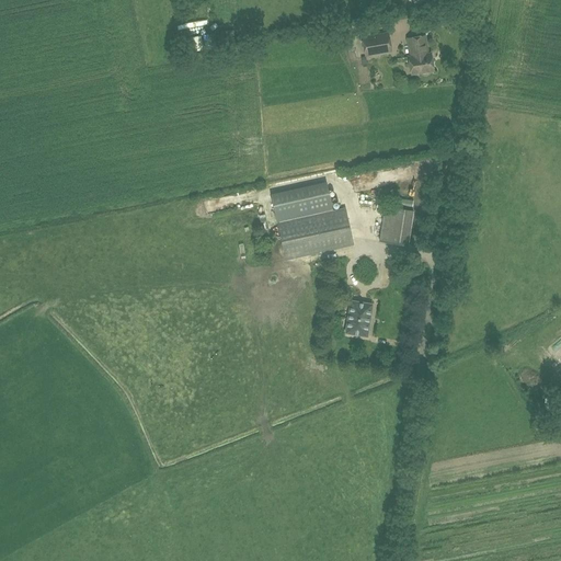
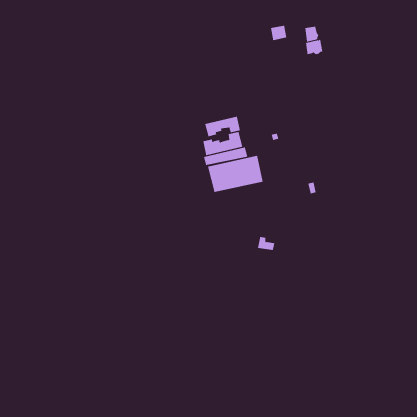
building: none -> [205,116,240,137]
building: [379,206,413,245] -> none
building: [348,301,373,327] -> none

